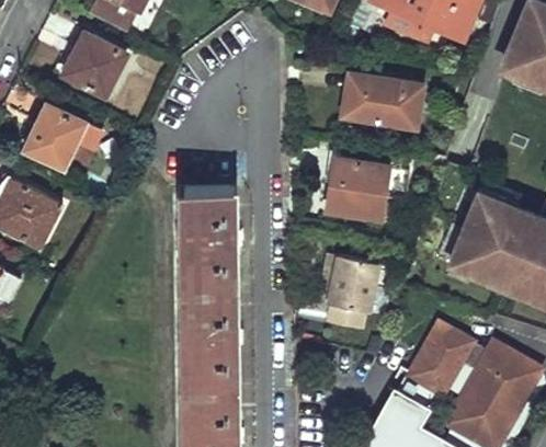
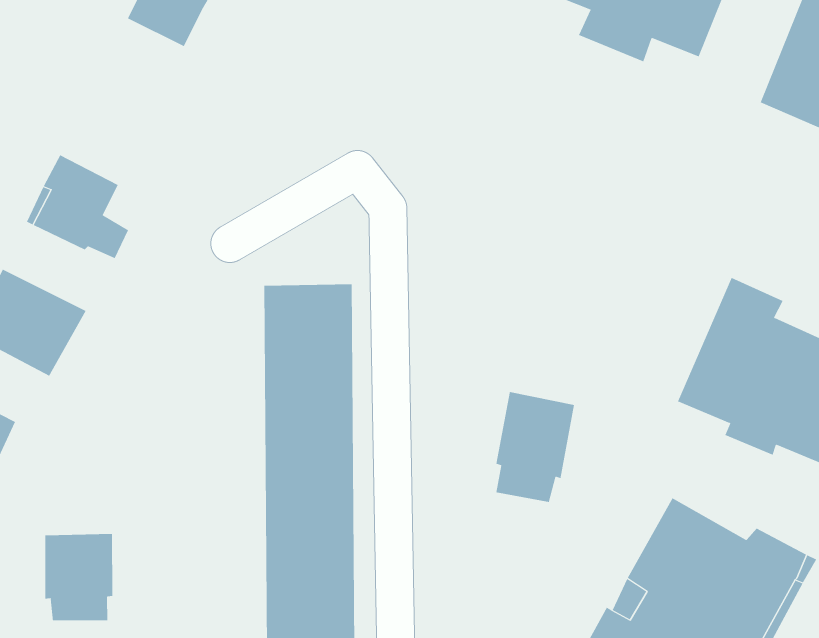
building: [62,31,127,94] -> none
building: [343,73,421,127] -> none
building: [326,157,387,219] -> none
building: none -> [45,533,113,621]

